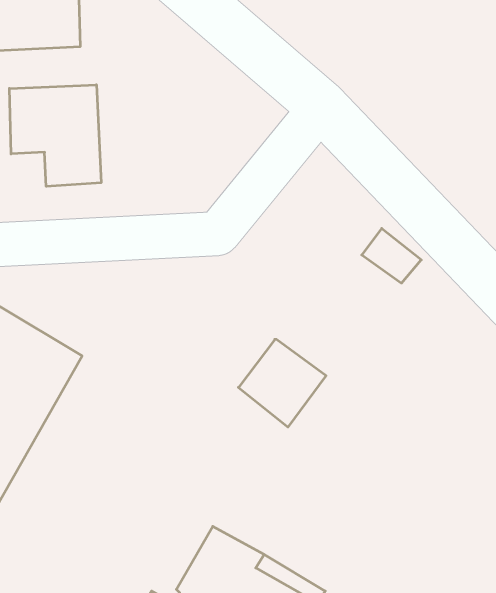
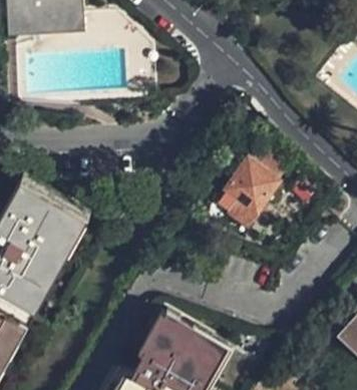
building: [9,85,101,186] -> none
building: [238,339,326,427] -> [224,168,277,222]

